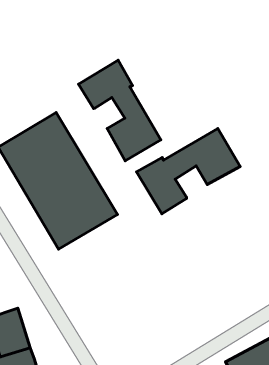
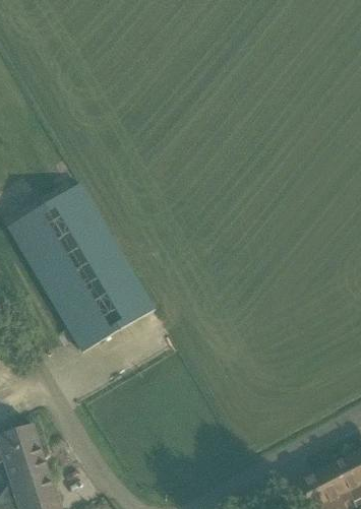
building: [79,60,161,161] -> none
building: [137,129,240,214] -> none

